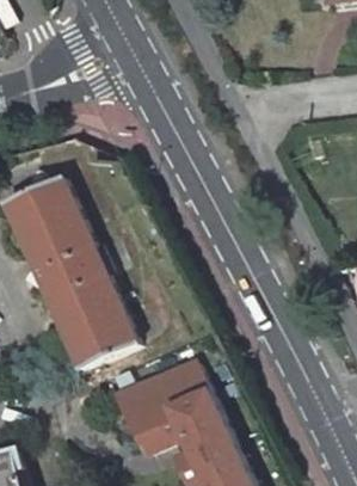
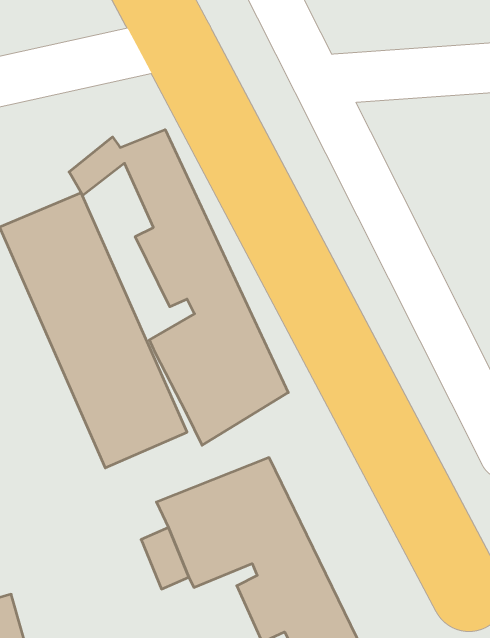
building: none -> [69,130,288,445]

